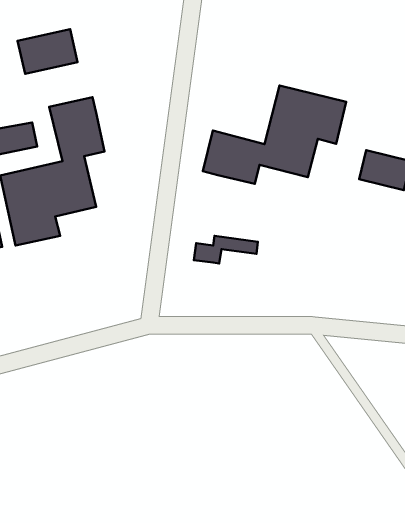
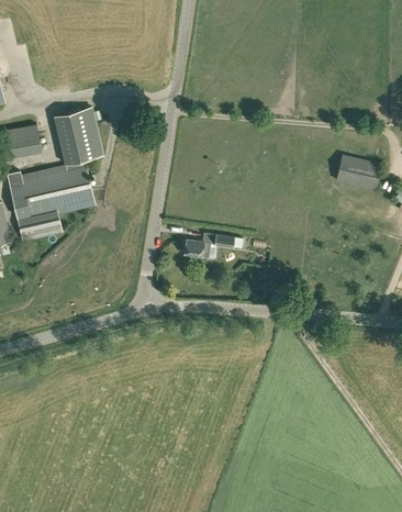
building: [18,29,78,74] -> none
building: [203,86,346,184] -> none

